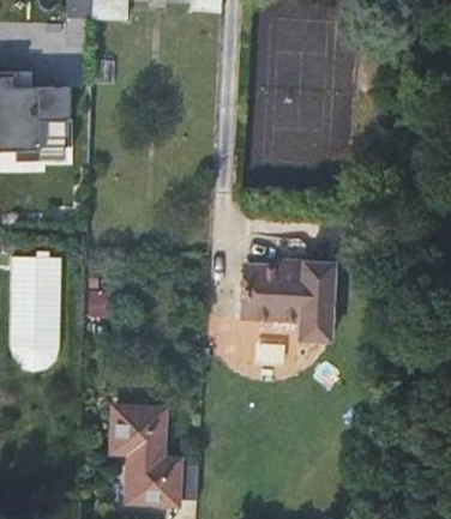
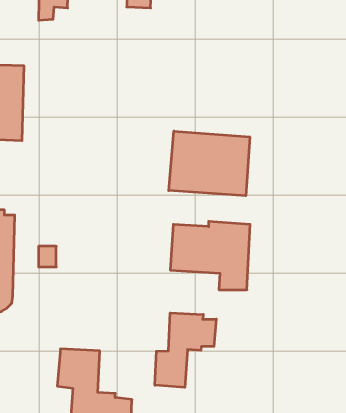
building: none -> [169,131,250,196]
building: none -> [155,313,216,387]

